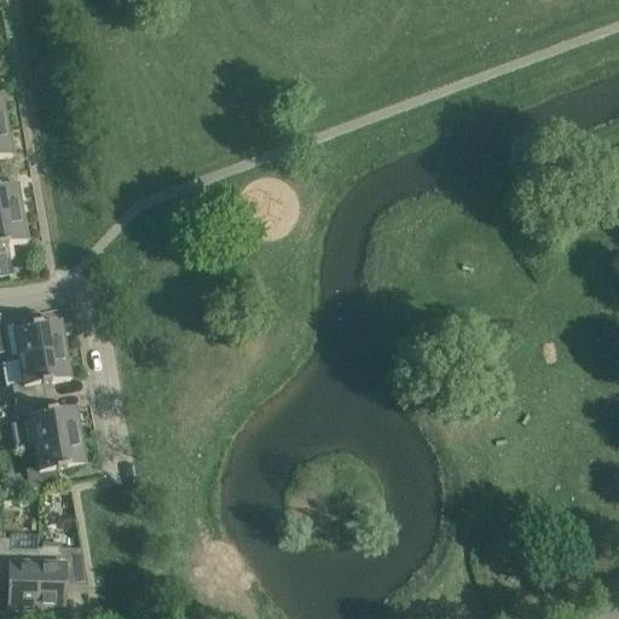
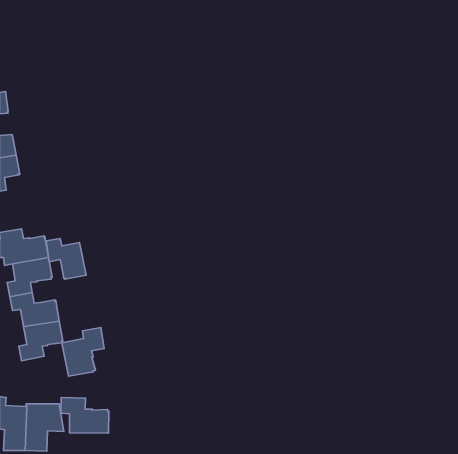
building: none -> [46,239,86,279]
building: none -> [62,327,104,376]
building: none -> [61,397,109,433]

